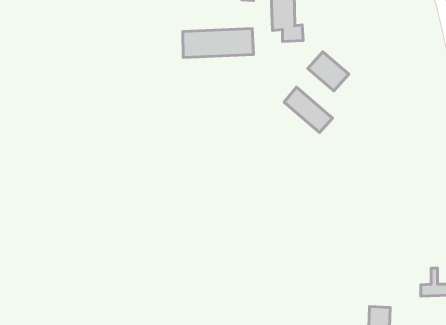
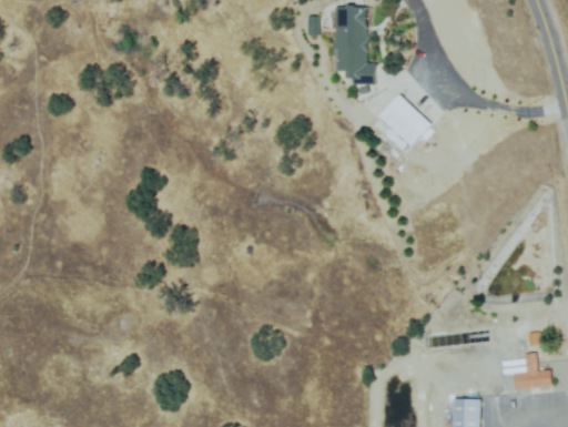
building: [183,28,254,58] -> none
building: [284,87,332,133] -> none

